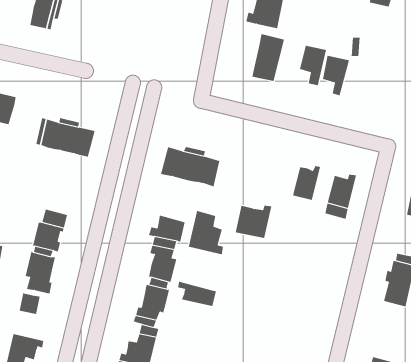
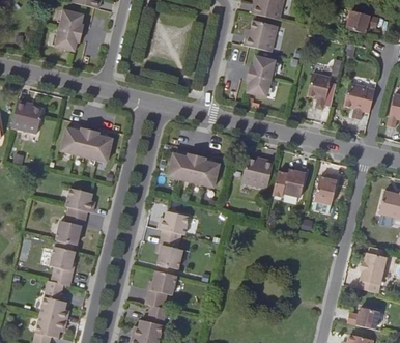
building: [299,45,327,86] -> [345,82,369,117]
building: none -> [66,183,95,211]
building: [235,205,272,239] -> [240,159,273,188]
building: [188,210,223,255] -> none
building: [178,281,217,307] -> none
building: none -> [40,293,69,319]
building: none -> [349,306,380,326]

